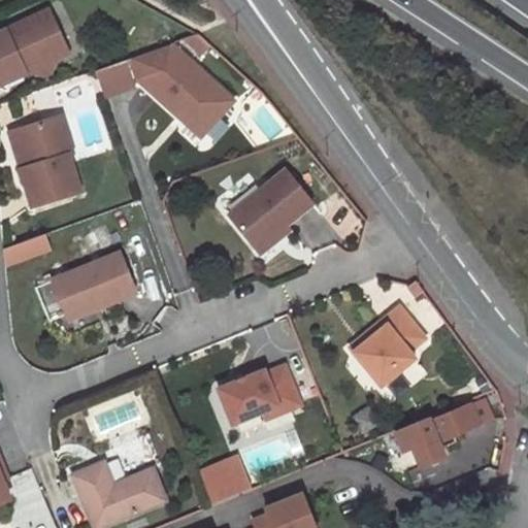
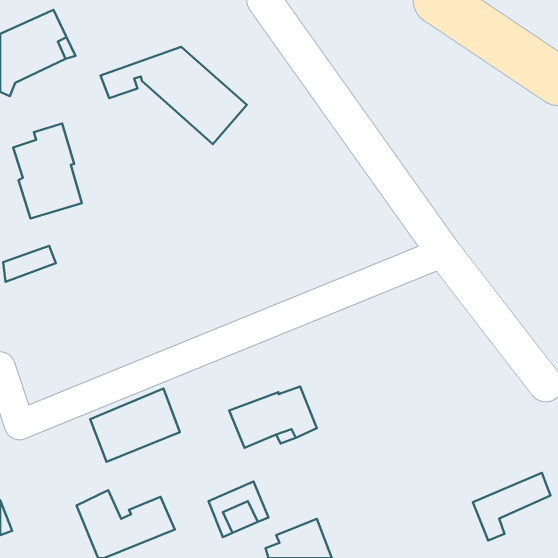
building: [231,168,312,246] -> none
building: [50,252,134,321] -> [90,389,180,462]
building: [348,307,424,387] -> none
building: [405,404,478,468] -> [473,473,550,540]

